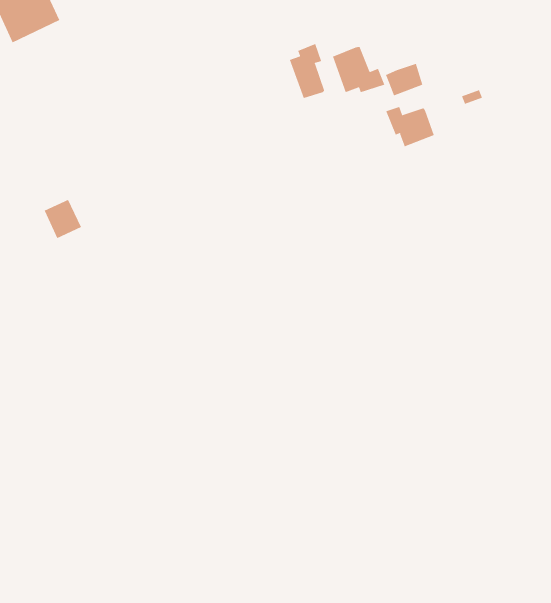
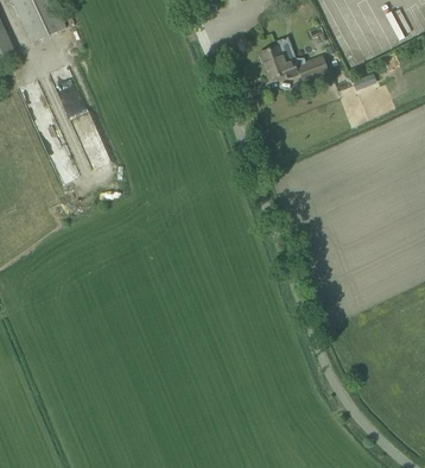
building: [289,43,325,99] -> none
building: [386,106,435,147] -> none

